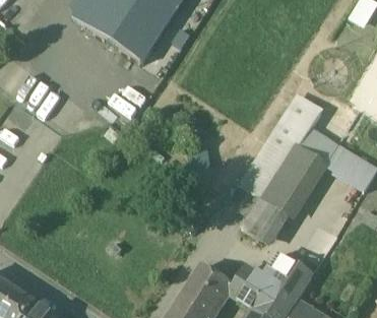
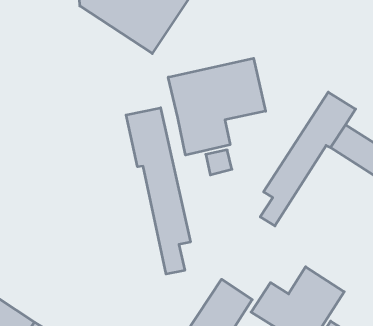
building: none -> [168,58,266,155]
building: none -> [126,108,190,274]
building: [242,143,322,245] -> none

